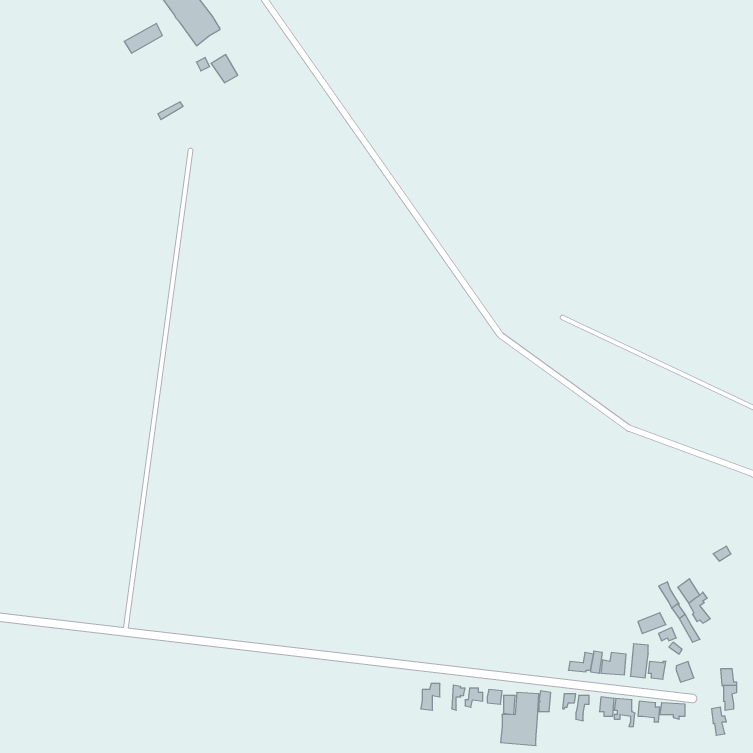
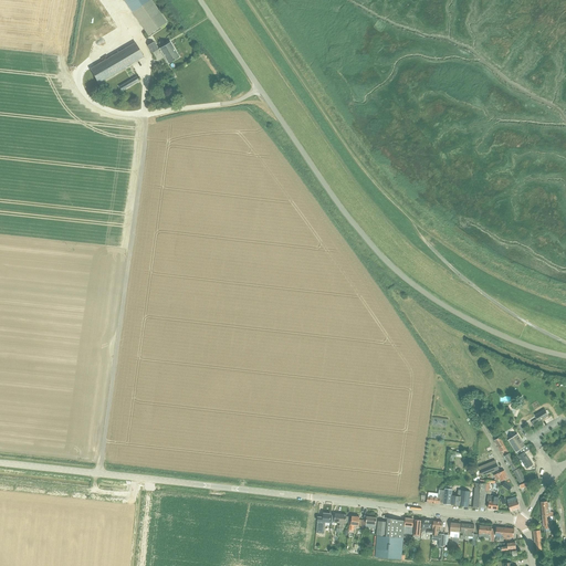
building: none -> [90,41,143,82]

